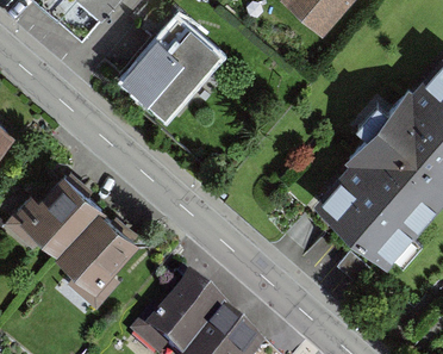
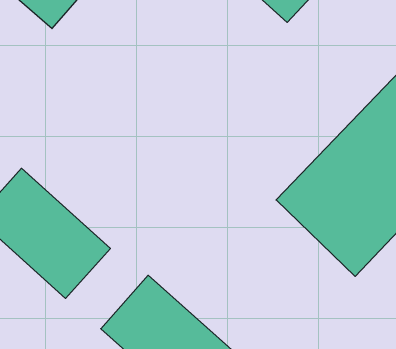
building: [124,23,230,129] -> none

